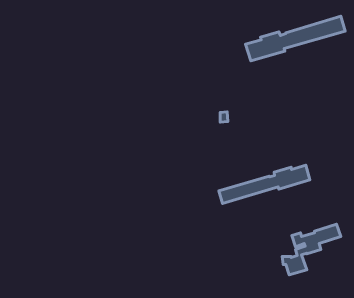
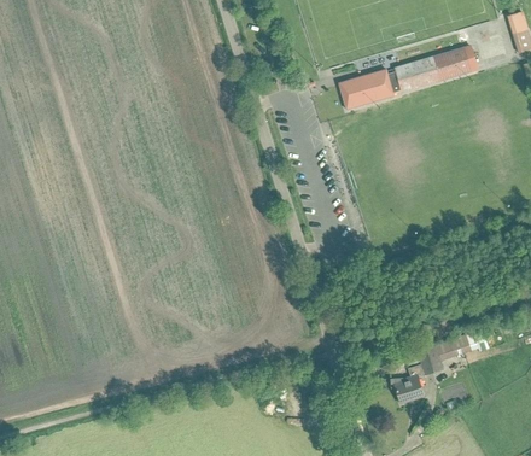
building: [219,165,310,204] -> none

